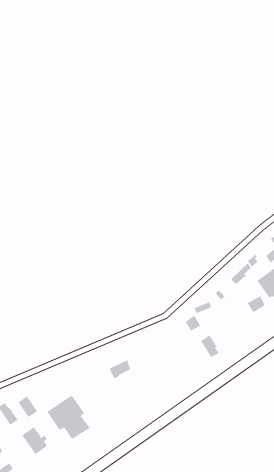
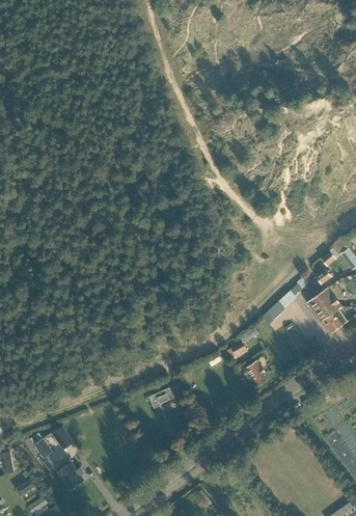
building: [46,395,90,440] -> none

